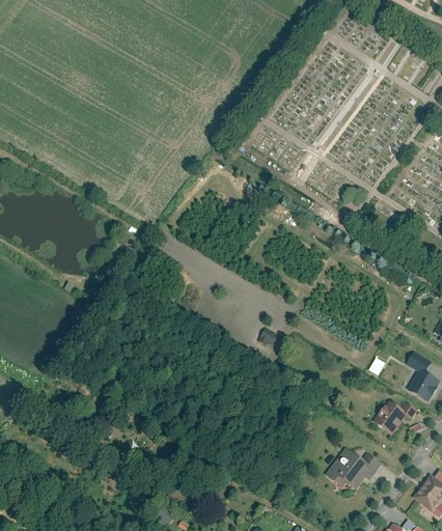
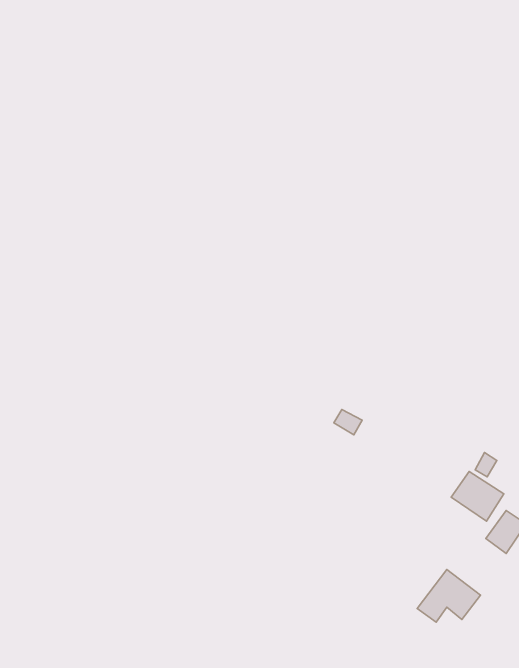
building: none -> [451,471,504,521]

